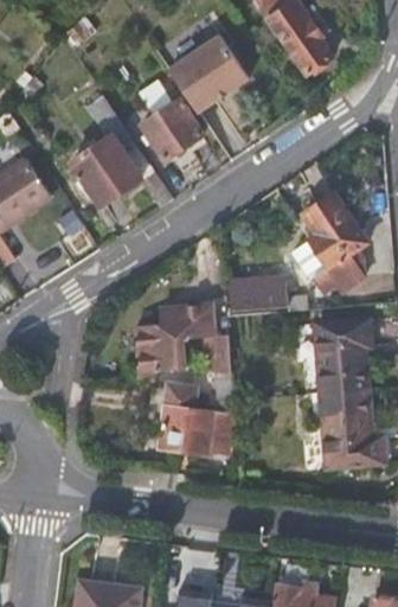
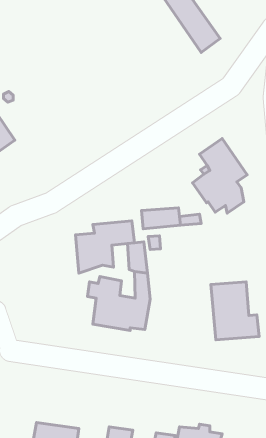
building: [169,36,249,113] -> none
building: [71,95,155,207] -> none
building: [141,100,208,160] -> none
building: [314,320,375,391] -> none

